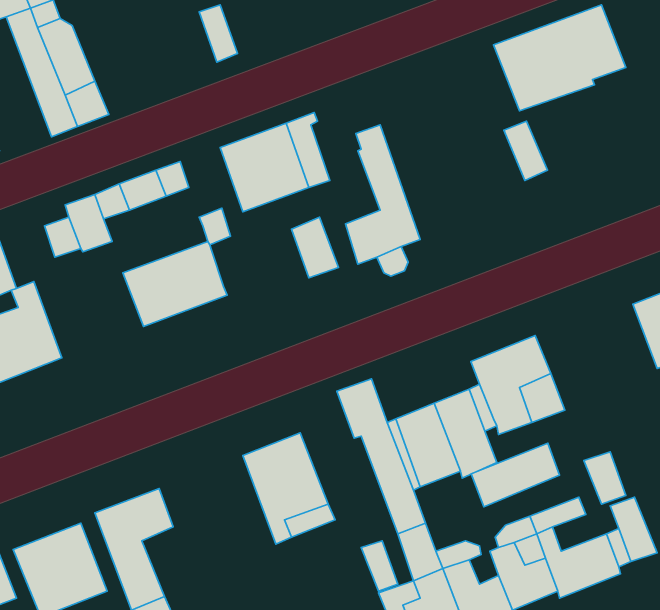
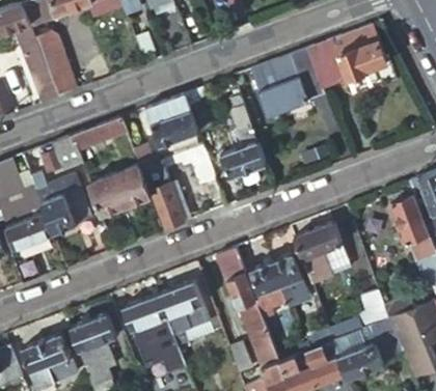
building: none -> [252,49,326,115]
building: none -> [140,163,184,229]
building: none -> [31,177,90,235]
building: [471,443,560,507] -> none
building: none -> [122,294,186,372]

